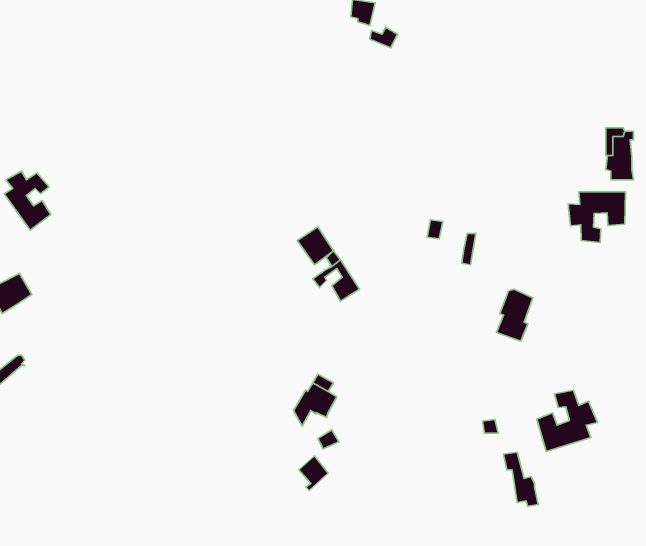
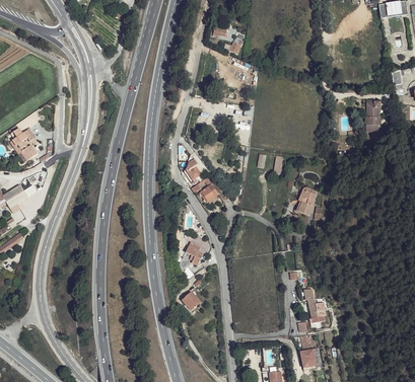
building: [568,192,625,243] -> none
building: [537,390,597,451] -> none

